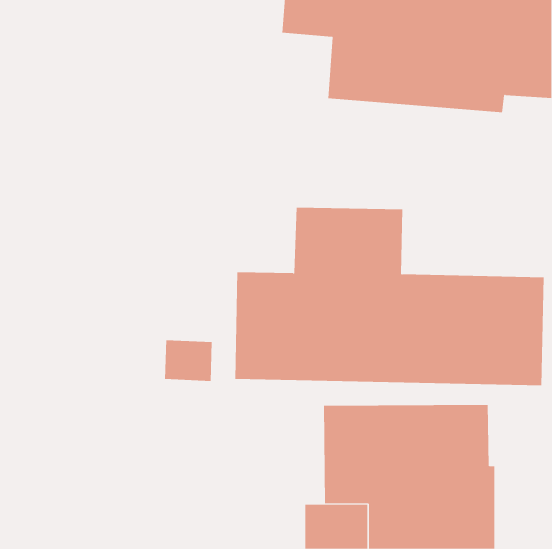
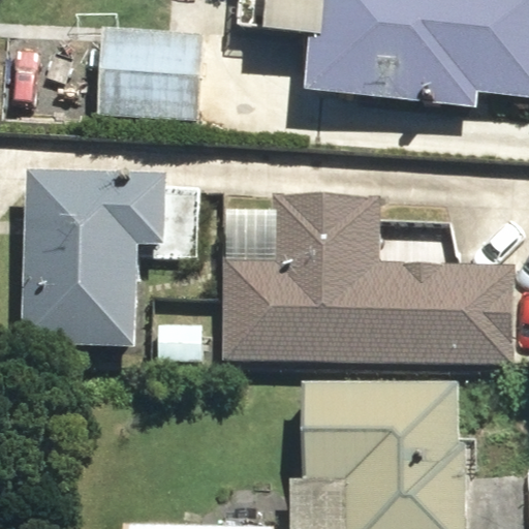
building: none -> [95,25,201,117]
building: none -> [20,167,168,345]

